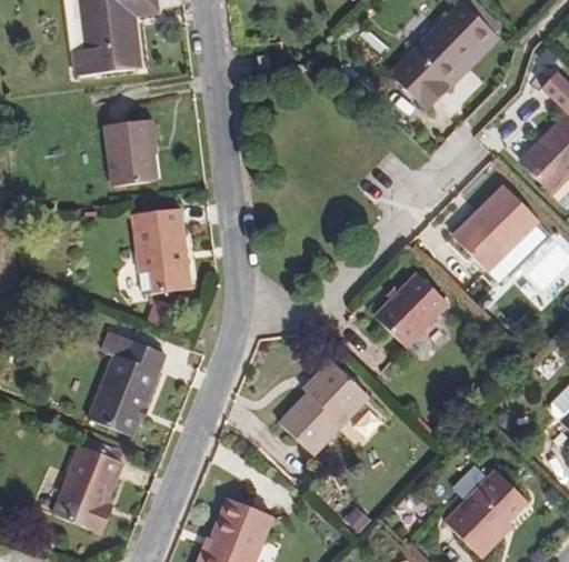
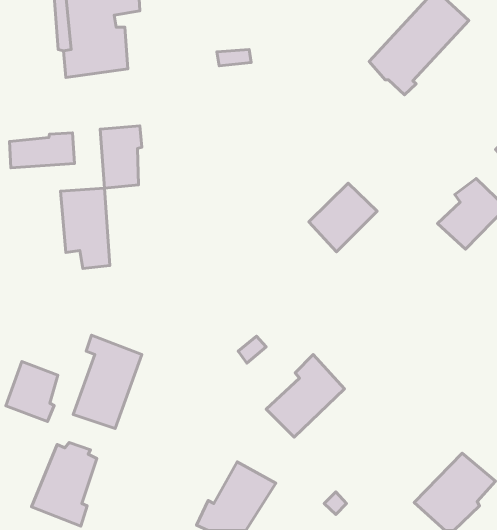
building: none -> [10,133,74,168]
building: [137,223,188,307] -> [60,188,110,269]
building: [382,273,453,344] -> [309,183,377,252]
building: none -> [6,362,58,421]

